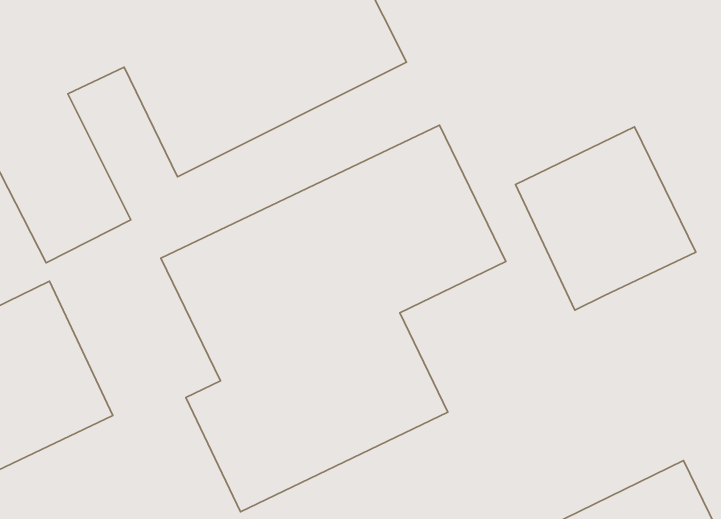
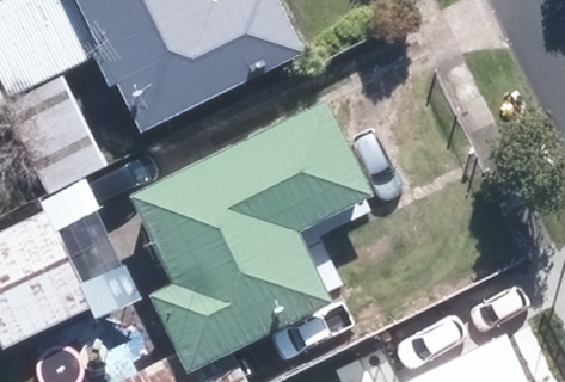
building: [516,127,696,310] -> none

